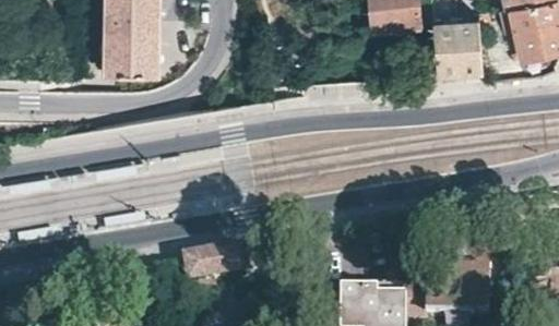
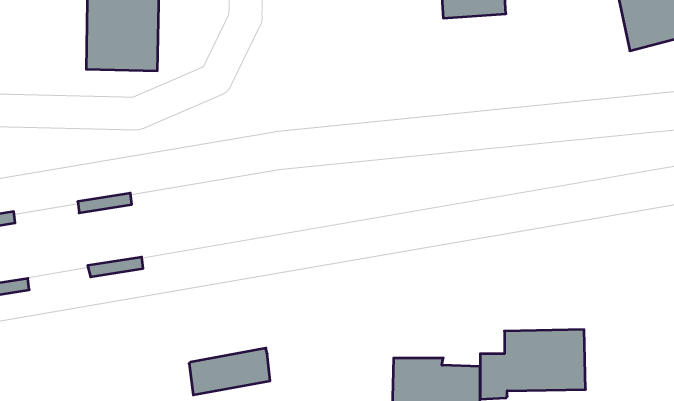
building: [433,22,487,80] -> none
building: [186,240,248,276] -> [189,348,270,395]

